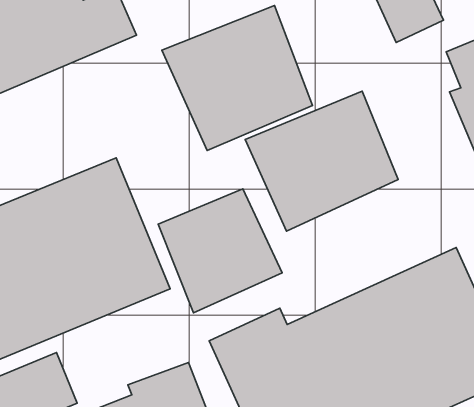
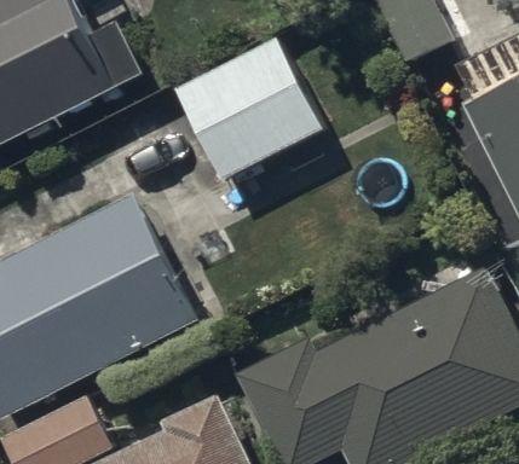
building: [245,91,398,231] -> none
building: [158,189,282,313] -> none

